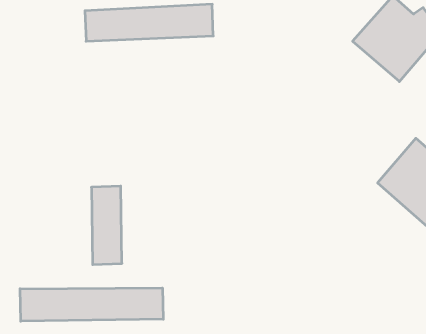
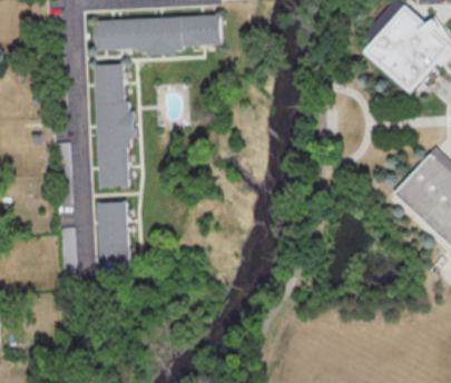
building: none -> [95,62,131,186]
building: [20,288,163,321] -> none

